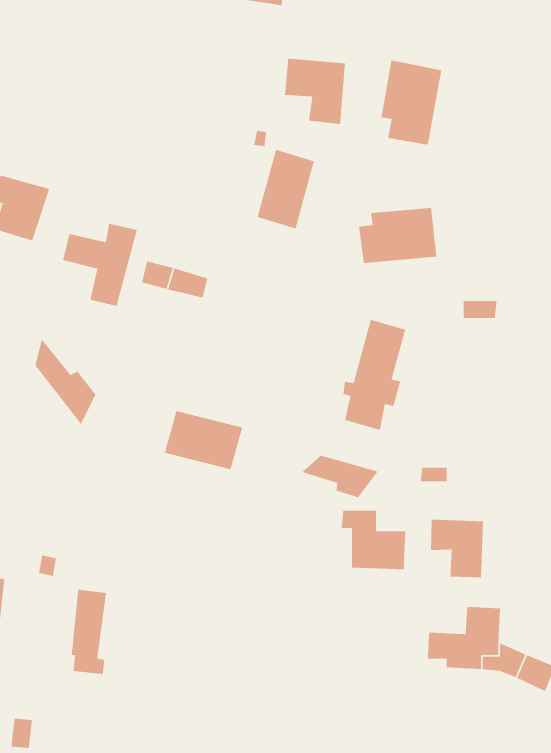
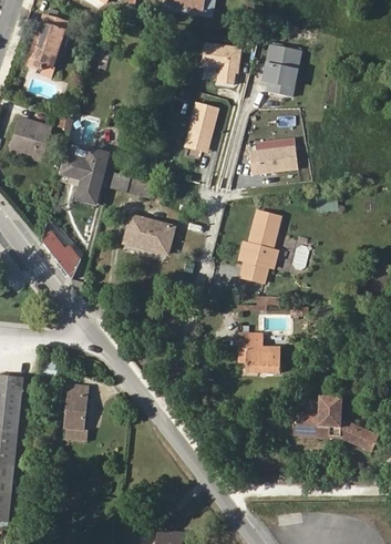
building: none -> [27,22,64,70]
building: [164,410,243,470] -> [123,215,174,254]
building: [301,455,379,498] -> none
building: [430,519,484,578] -> none

